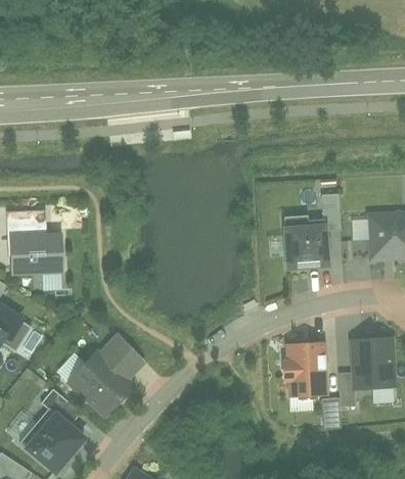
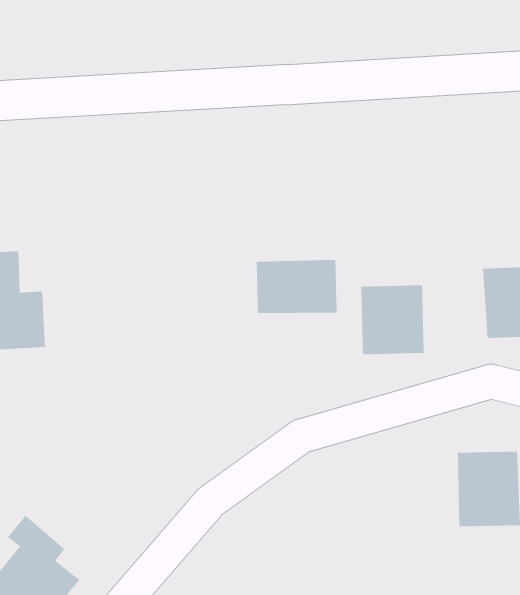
building: none -> [256,259,337,314]
building: [66,333,144,416] -> none
building: [283,349,326,405] -> none

